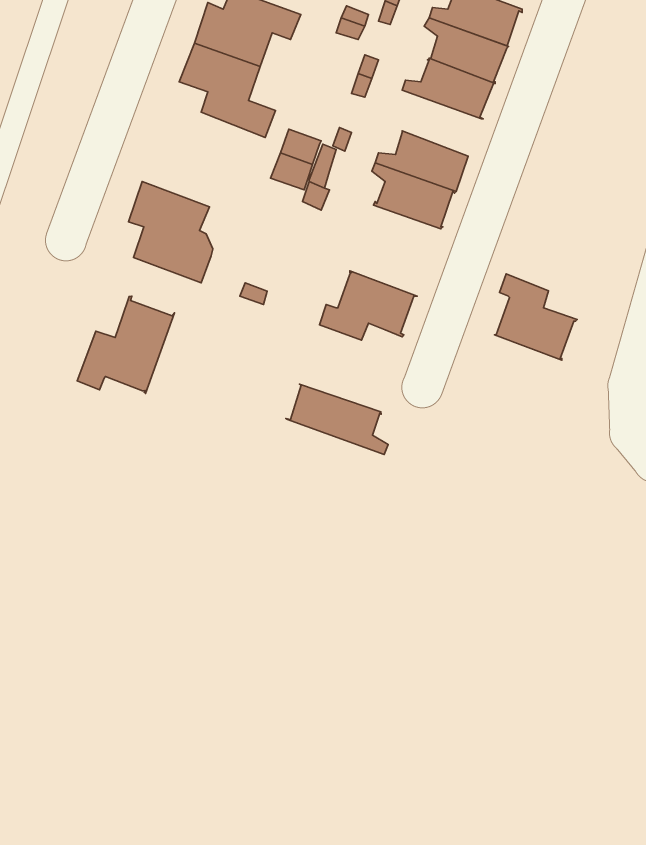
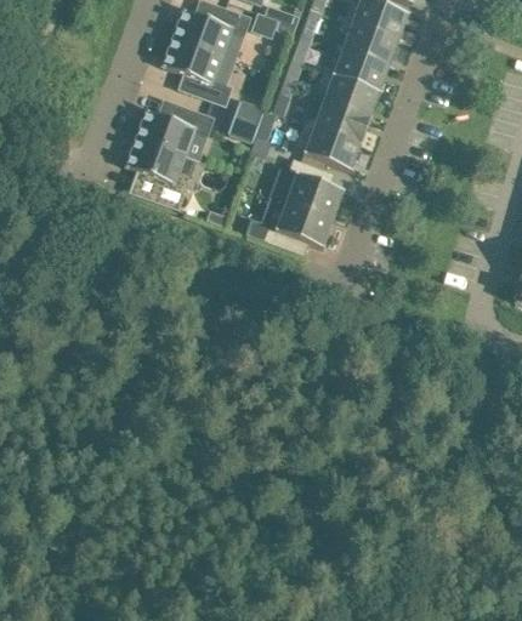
building: none -> [322,72,381,119]
building: none -> [137,98,215,155]
building: [494,274,577,360] -> [286,158,346,220]
building: [77,296,175,393] -> none
building: [286,384,388,454] -> none

